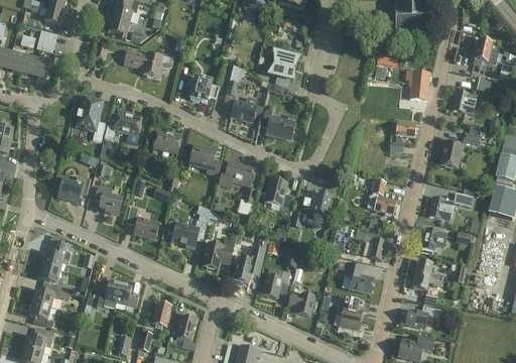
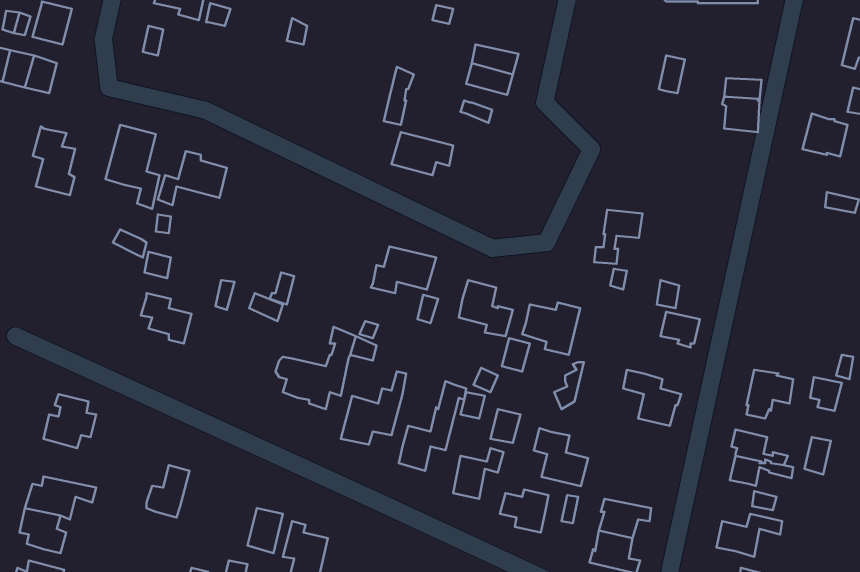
building: [124,49,173,78] -> none
building: [189,77,219,103] -> none
building: none -> [33,127,75,195]
building: [261,105,295,139] -> none
building: [390,122,416,151] -> [594,210,643,264]
building: [153,131,181,152] -> none
building: [439,140,463,167] -> none
building: [189,144,221,174] -> none
building: [57,175,91,202] -> none
building: [428,192,472,219] -> none
building: [126,206,159,239] -> none
building: [345,262,374,293] -> [534,428,588,486]
building: [38,265,73,291] -> none
building: [116,282,139,312] -> none

